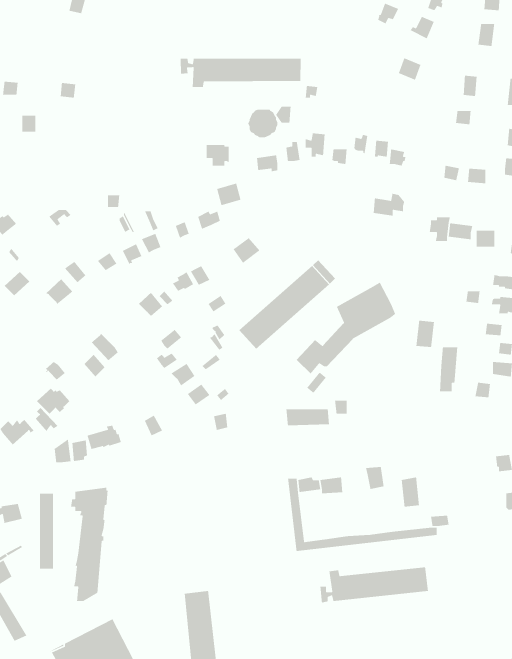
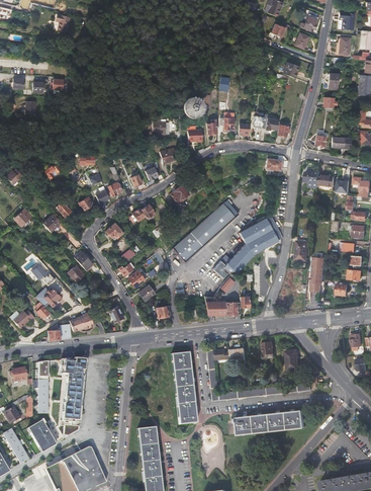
building: [180,58,301,88] -> none
building: none -> [170,351,195,423]
building: none -> [28,418,56,449]

